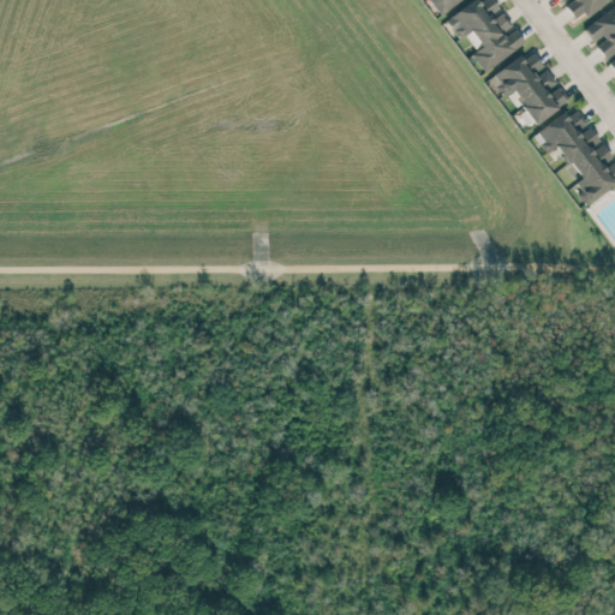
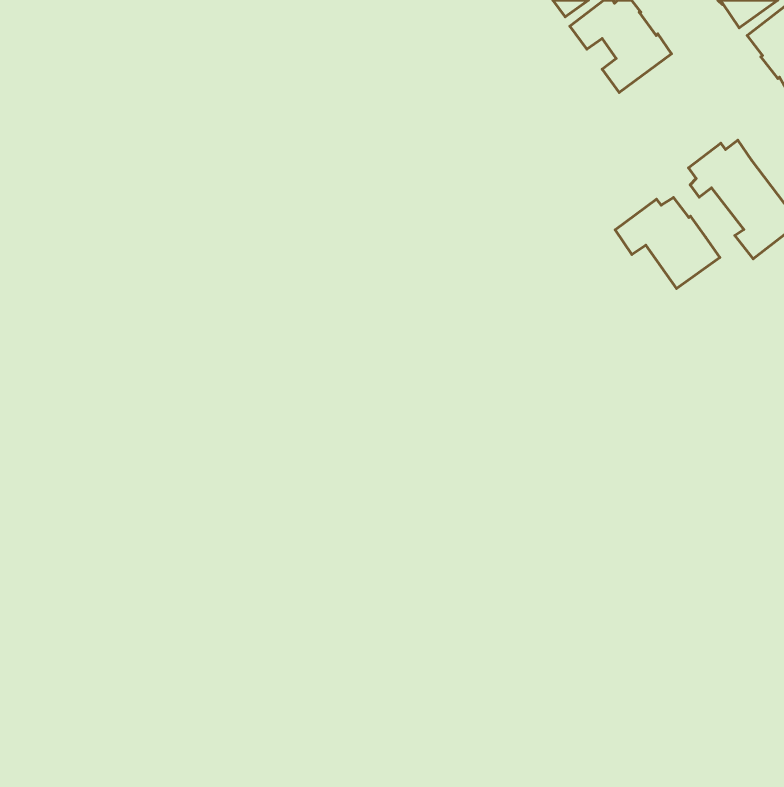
building: [489,53,571,124] -> [615,198,720,288]

